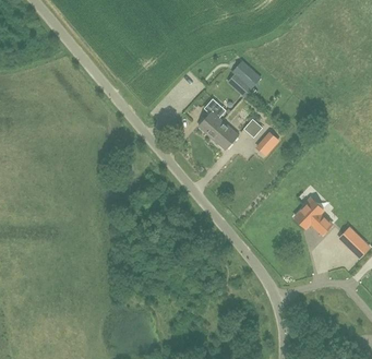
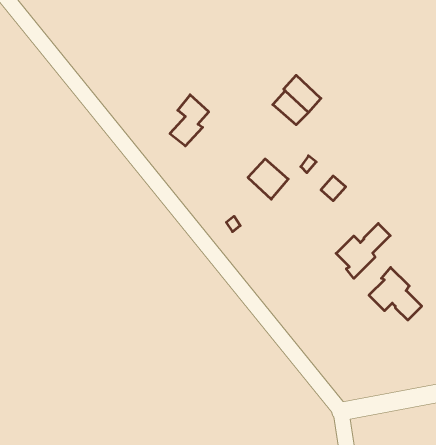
building: [199,97,226,133] -> [170,95,209,146]
building: none -> [336,223,390,278]

